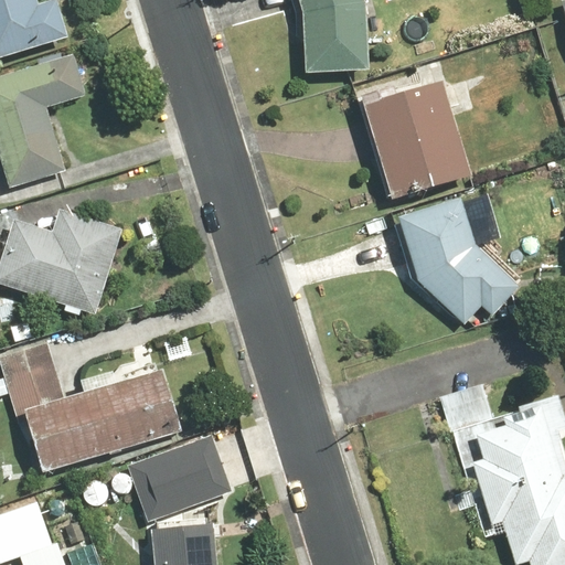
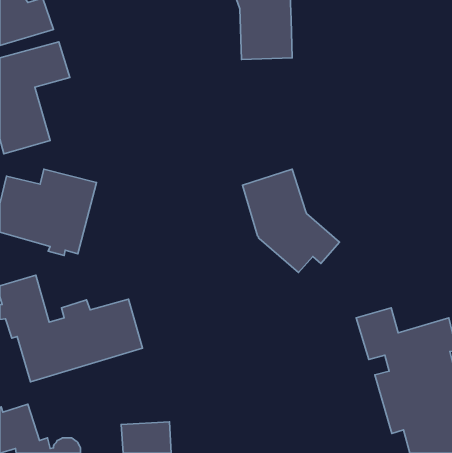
building: [360,75,471,204] -> none
building: [397,196,518,324] -> [242,169,339,272]
building: [111,436,228,521] -> none

